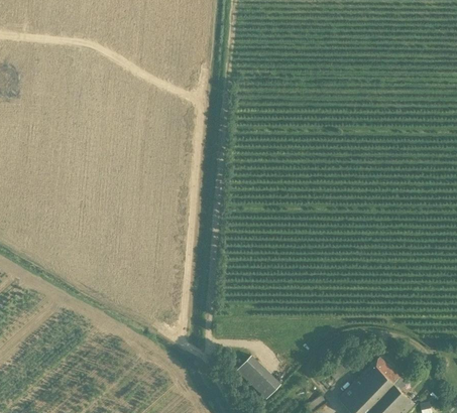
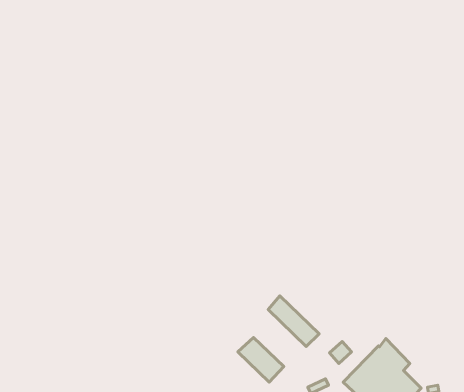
building: none -> [268,296,319,346]

